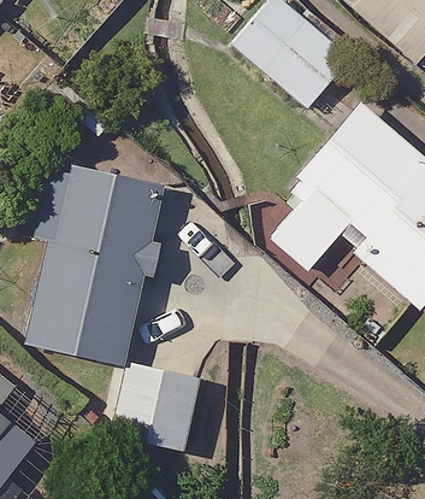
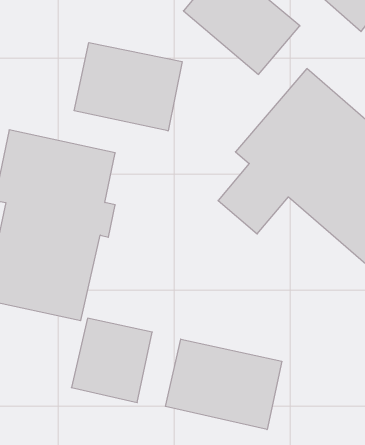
building: none -> [74,43,182,131]
building: none -> [165,339,282,430]

